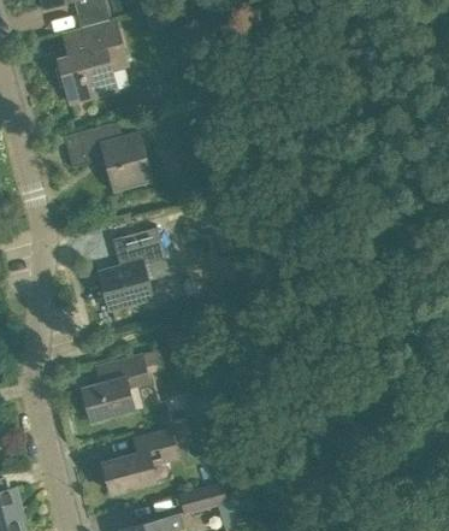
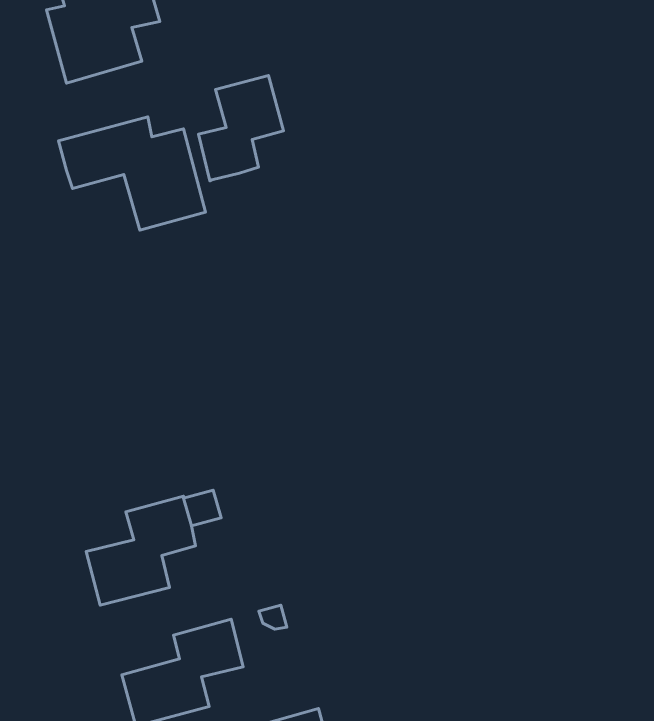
building: none -> [198,75,283,181]
building: [101,229,170,309] -> none

